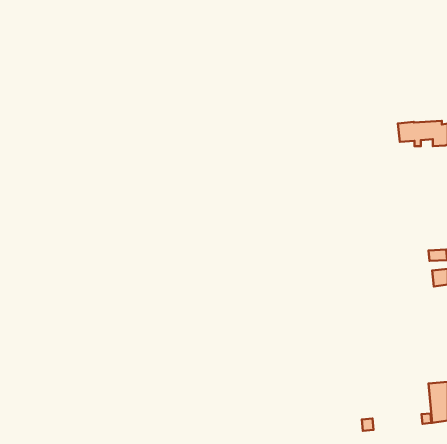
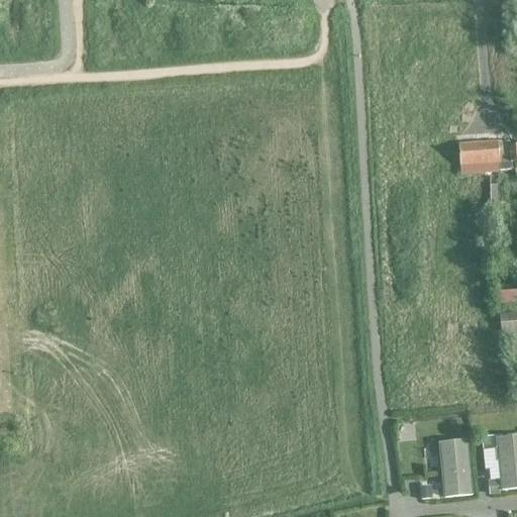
building: none -> [439,448,471,495]

